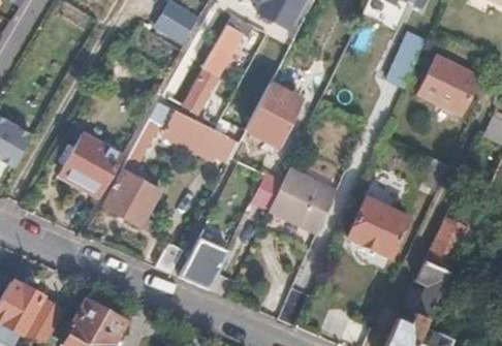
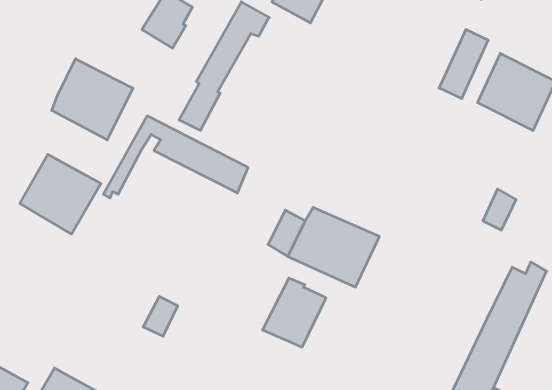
building: none -> [52,59,133,140]
building: [246,86,305,149] -> none
building: [105,169,160,223] -> none
building: [348,199,409,259] -> none
building: [181,235,230,289] -> [262,278,326,347]

